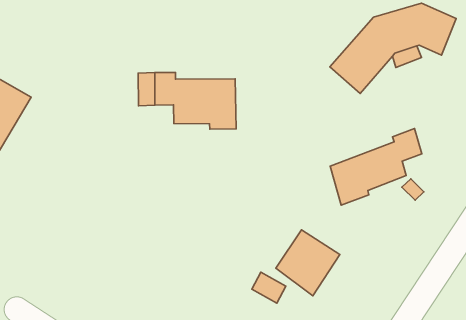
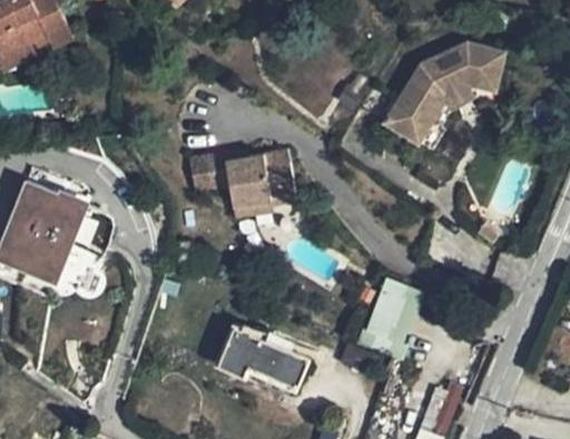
building: [330,128,422,205] -> none
building: none -> [216,326,309,386]

